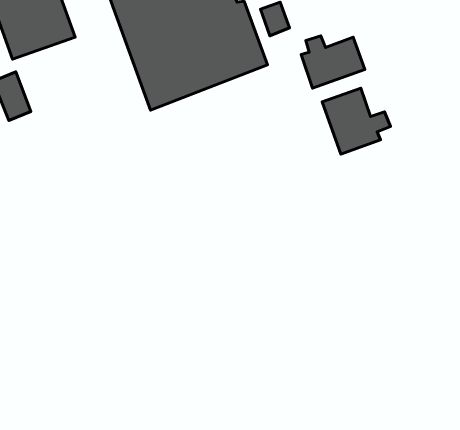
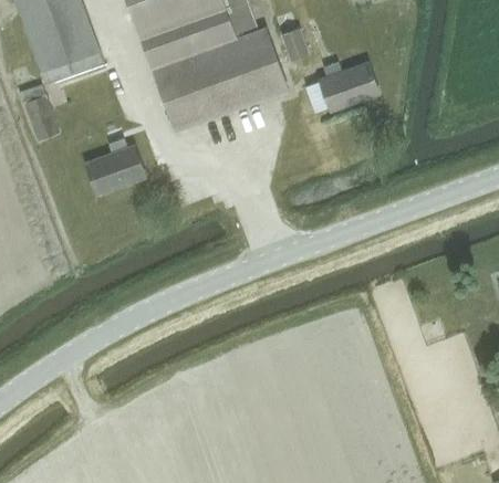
building: [322,88,391,154] -> none
building: none -> [85,138,145,193]

